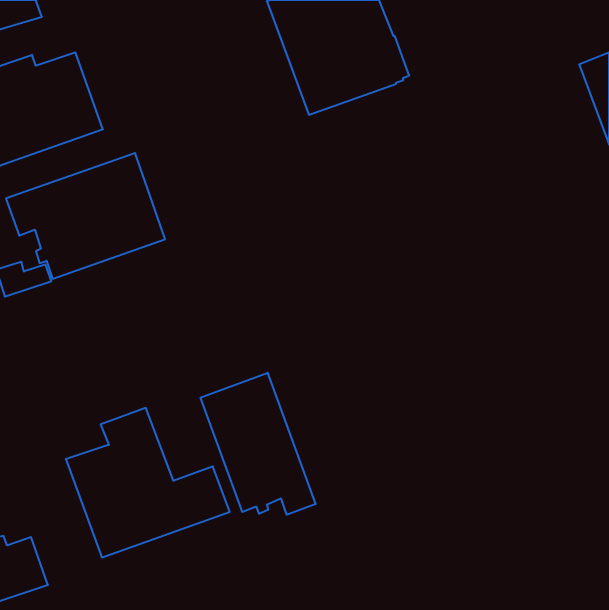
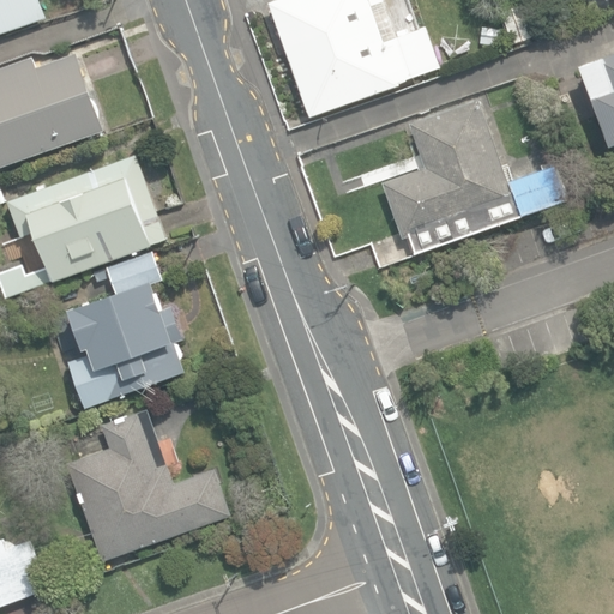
building: none -> [369,102,567,266]
building: none -> [70,251,183,408]
building: [201,373,316,515] -> none

